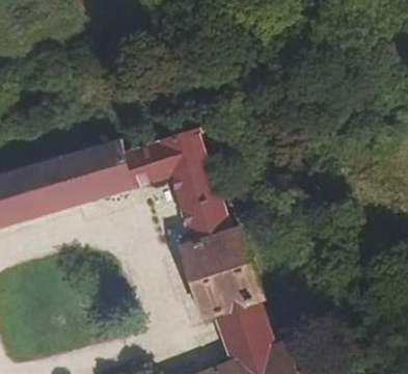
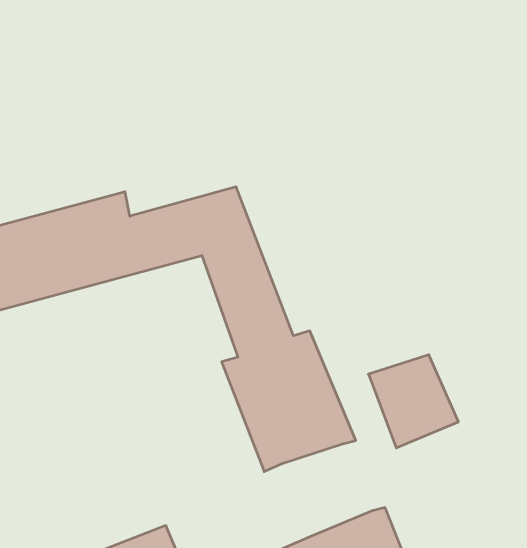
building: [219,301,276,360] -> [368,355,458,448]

